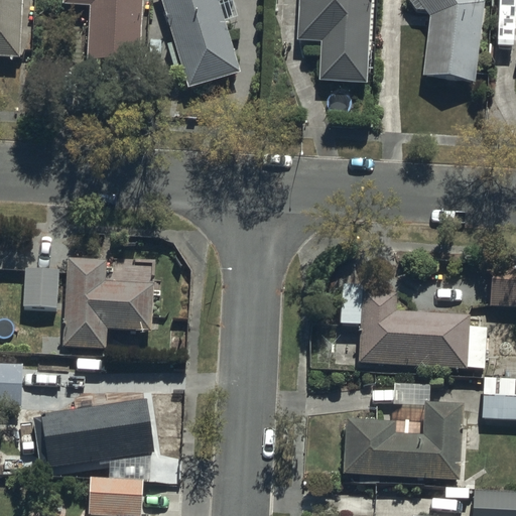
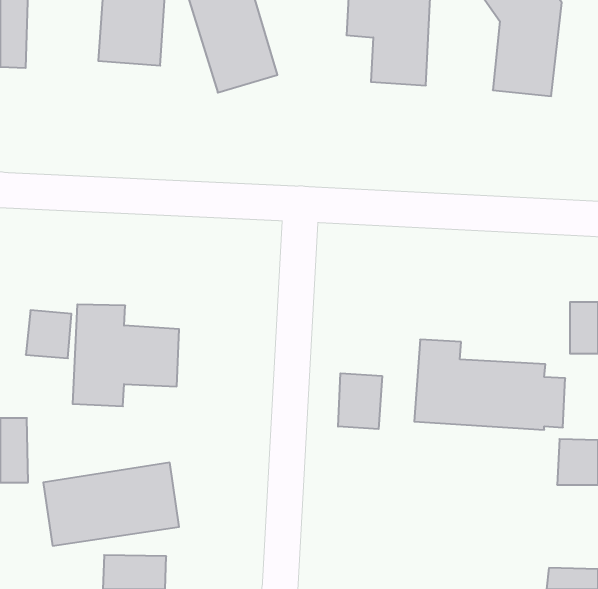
building: none -> [338,373,382,429]
building: [344,401,464,482] -> none

